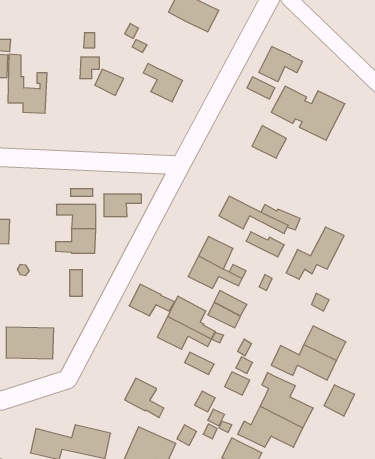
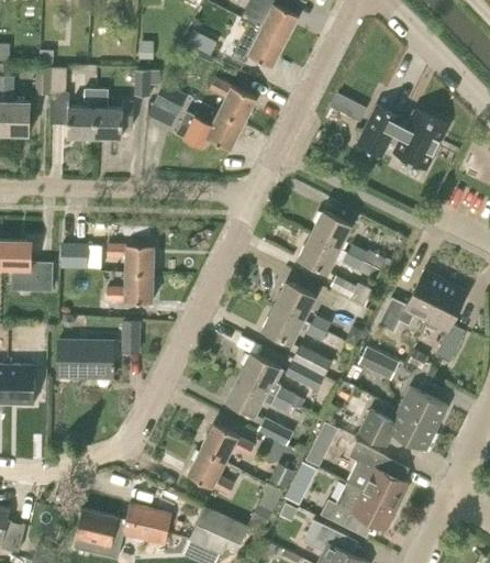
building: none -> [232,29,286,66]
building: [259,46,302,82] -> none
building: none -> [94,89,133,136]
building: none -> [176,111,244,150]
building: [252,125,286,158] -> [311,210,352,249]
building: [104,194,141,217] -> none
building: none -> [60,241,89,268]
building: none -> [426,280,468,362]
building: [129,284,175,316] -> [201,423,255,461]
building: none -> [358,346,399,379]
building: [6,327,54,359] -> [58,340,114,377]
building: [324,385,354,416] -> none

